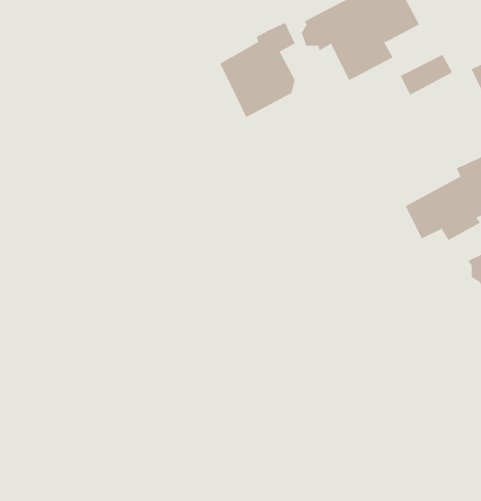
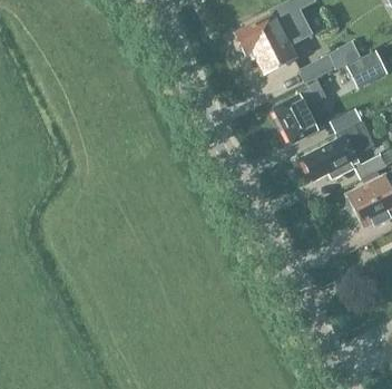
building: [220,22,295,118] -> [274,79,325,144]

